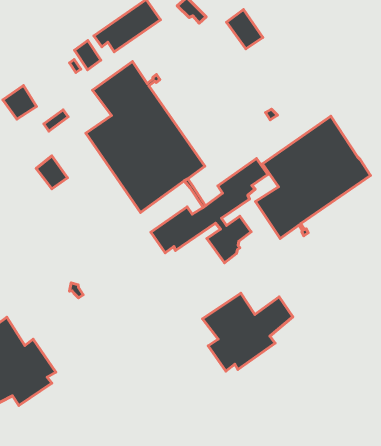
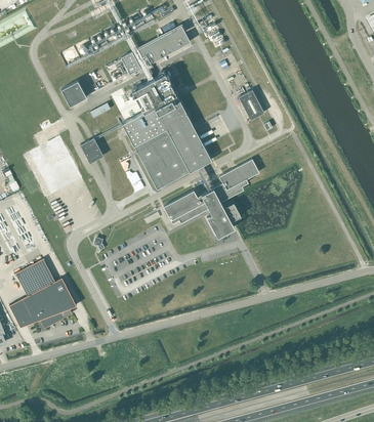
building: [227,10,263,49] -> [238,89,264,120]
building: [256,116,371,238] -> none
building: [203,293,293,371] -> none

